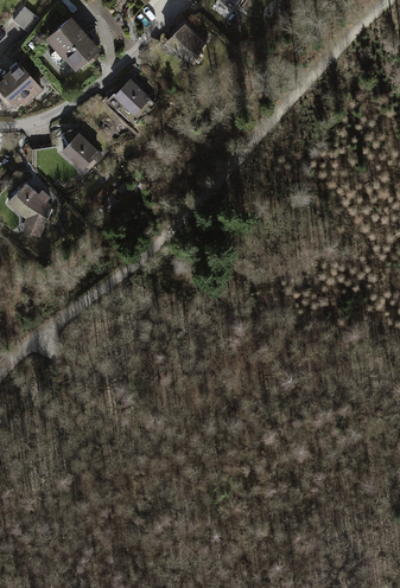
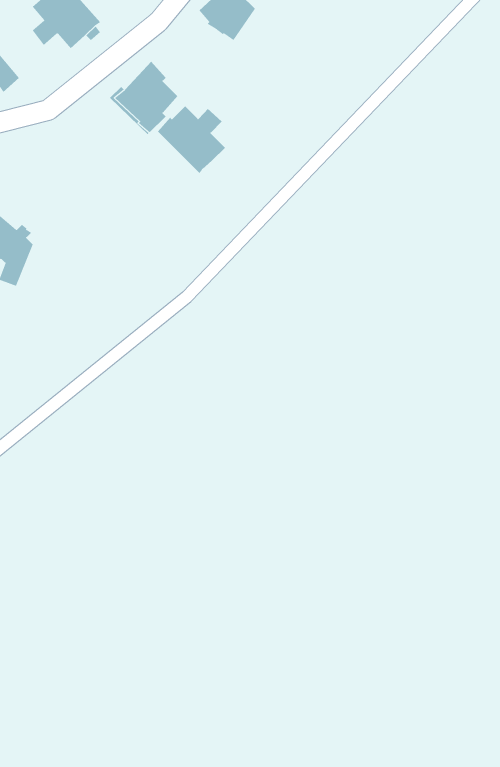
building: none -> [157,106,226,174]
building: [63,130,101,167] -> none

